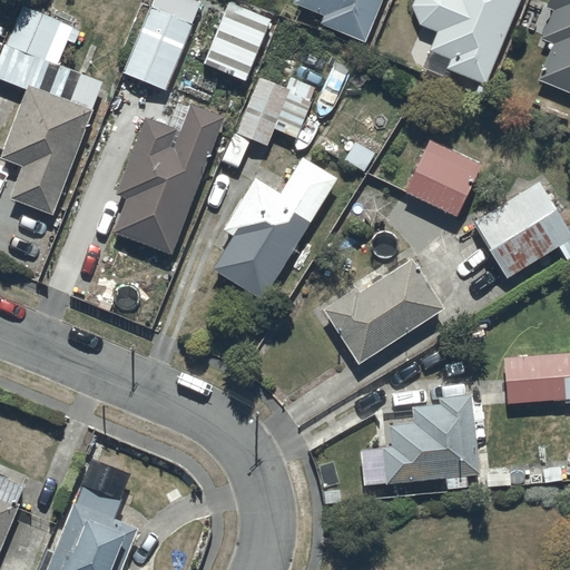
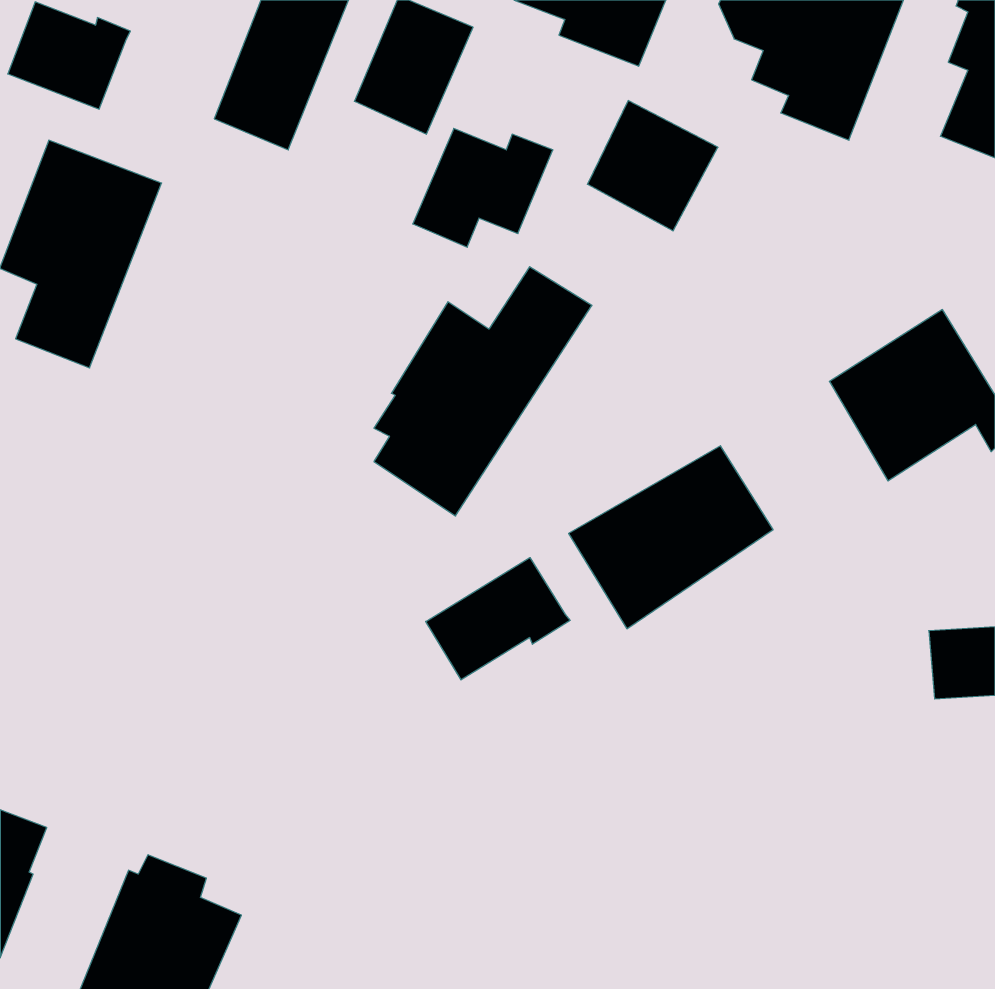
building: [112,101,225,254] -> none
building: [405,139,480,214] -> [587,101,718,231]
building: none -> [426,558,570,680]
building: [382,395,478,489] -> none

